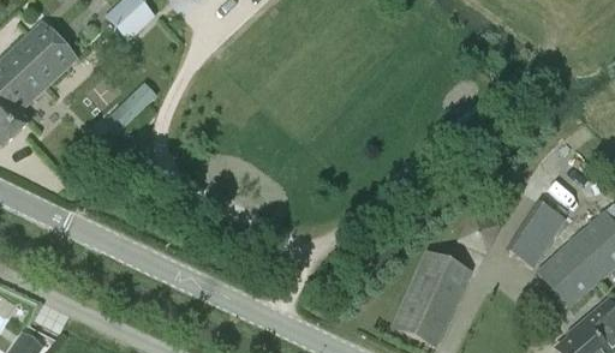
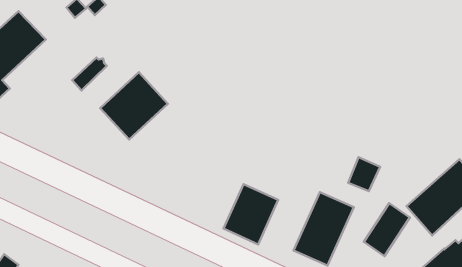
building: none -> [100,72,168,140]
building: [508,199,567,267] -> [364,203,410,256]
building: none -> [223,184,278,244]

